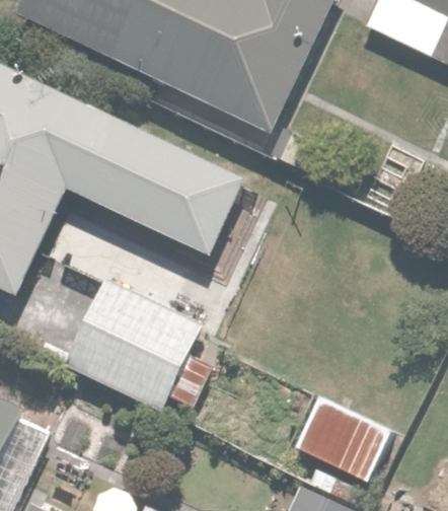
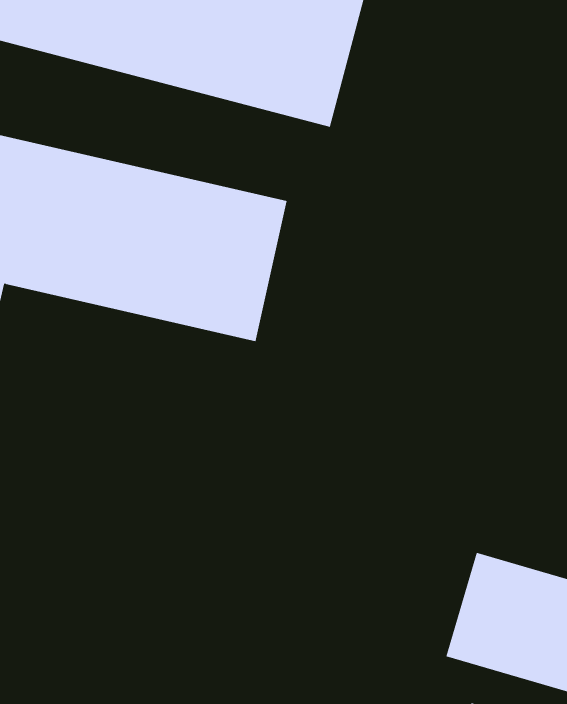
building: [63,282,202,416] -> none

